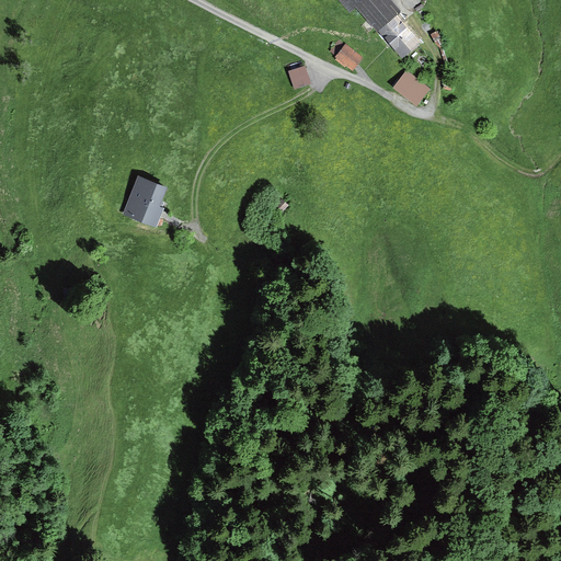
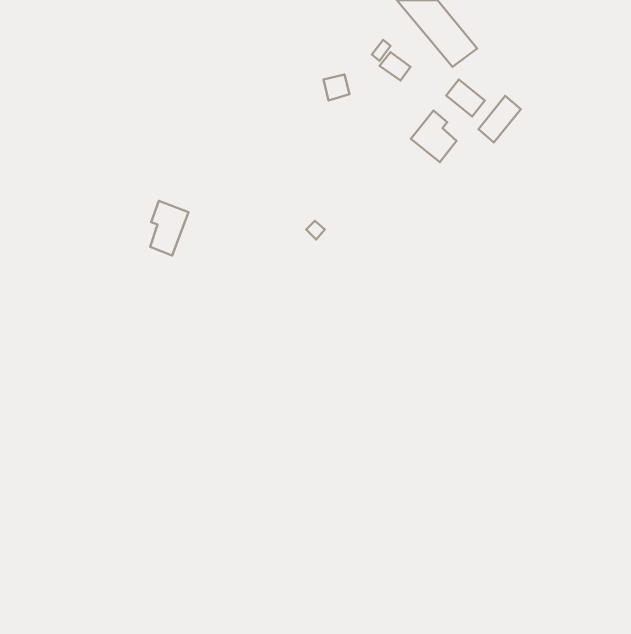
building: none -> [478,96,521,142]
building: none -> [411,111,457,162]

